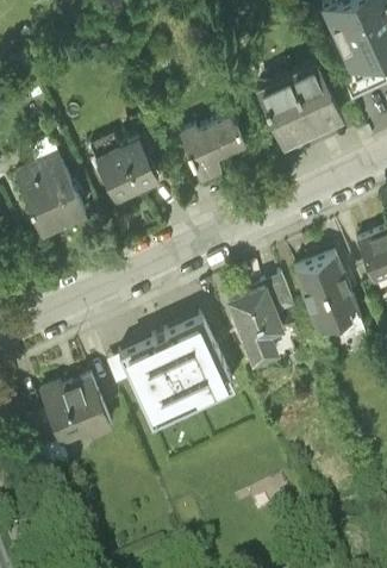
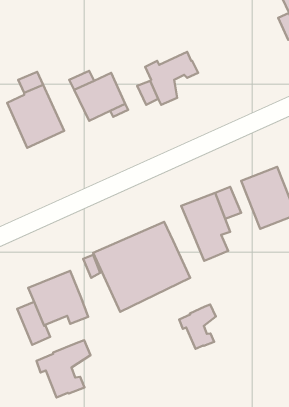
building: [256,62,339,142] -> none
building: none -> [179,304,216,349]
building: none -> [36,340,91,398]

